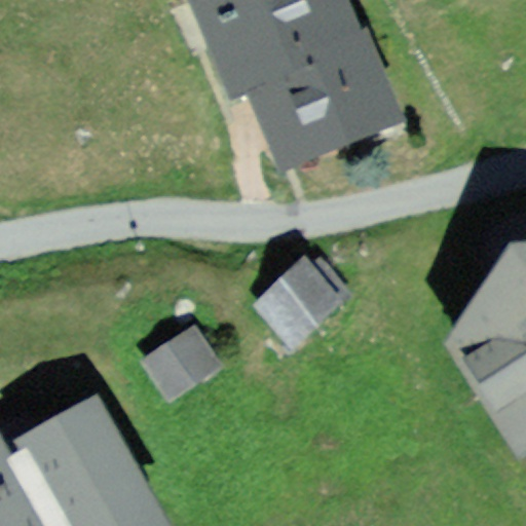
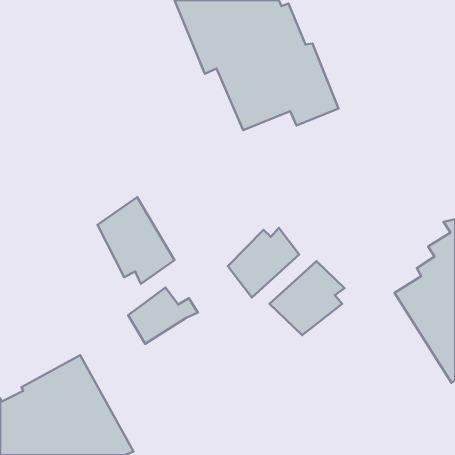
building: none -> [98,197,175,284]
building: none -> [269,261,345,335]

